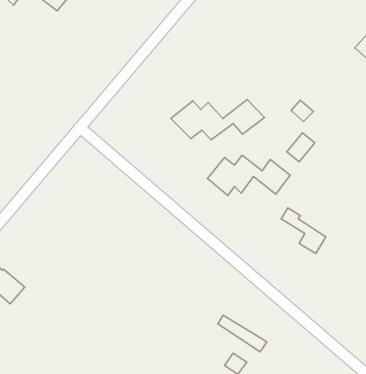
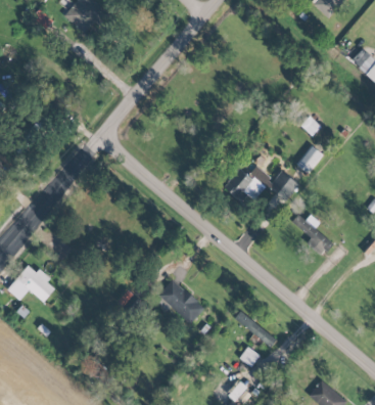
building: [171,100,265,140] -> none
building: none -> [158,280,203,321]

